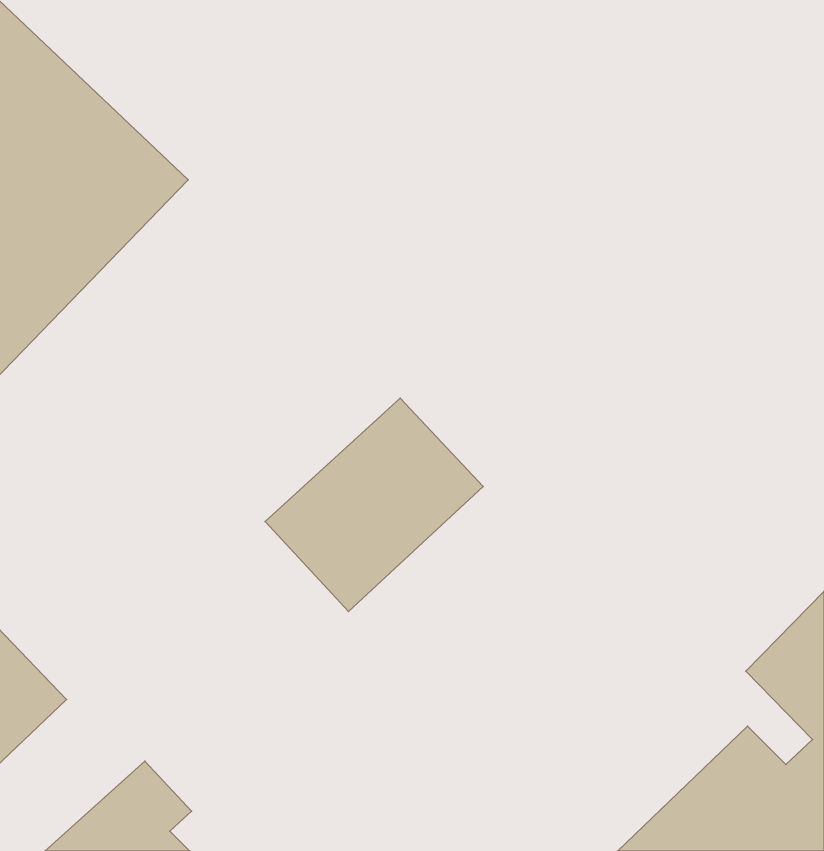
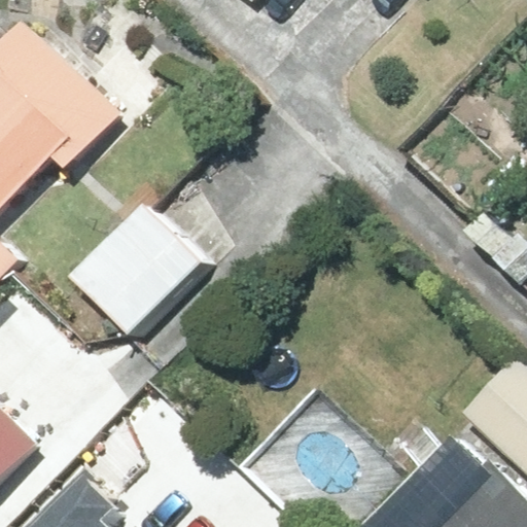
building: [265,398,483,611] -> [69,205,204,337]

